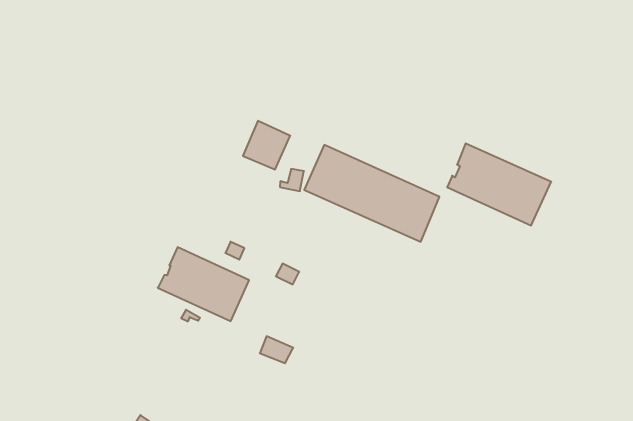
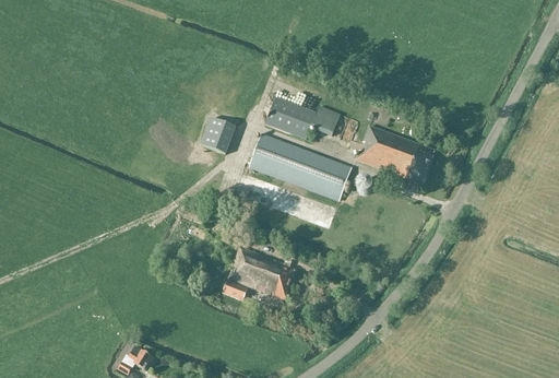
building: none -> [265,96,341,139]
building: [158,247,249,321] -> [227,246,296,299]

